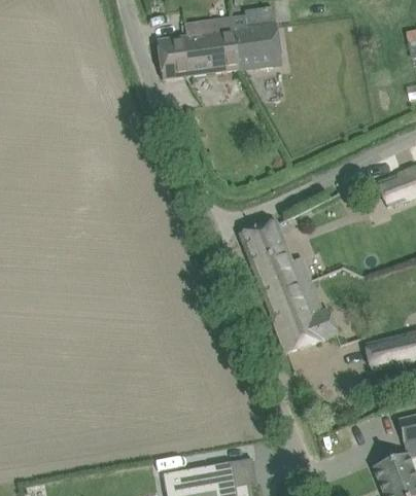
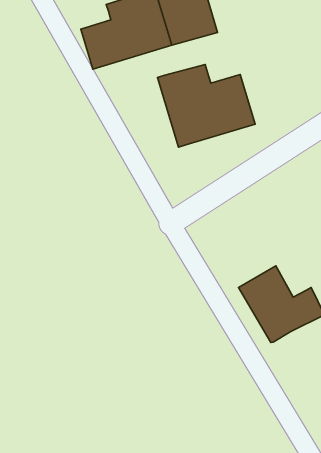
building: none -> [158,64,255,147]
building: [239,218,301,296] -> none

